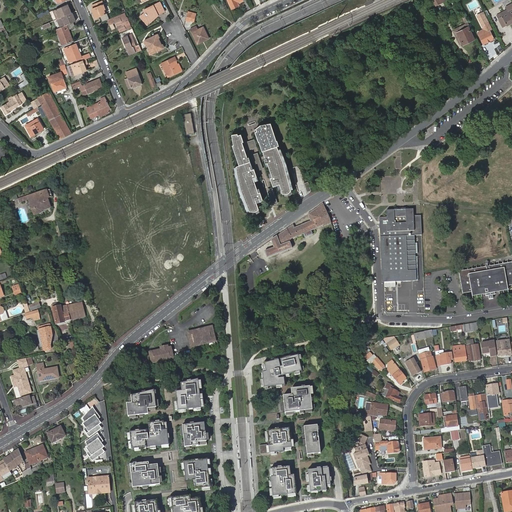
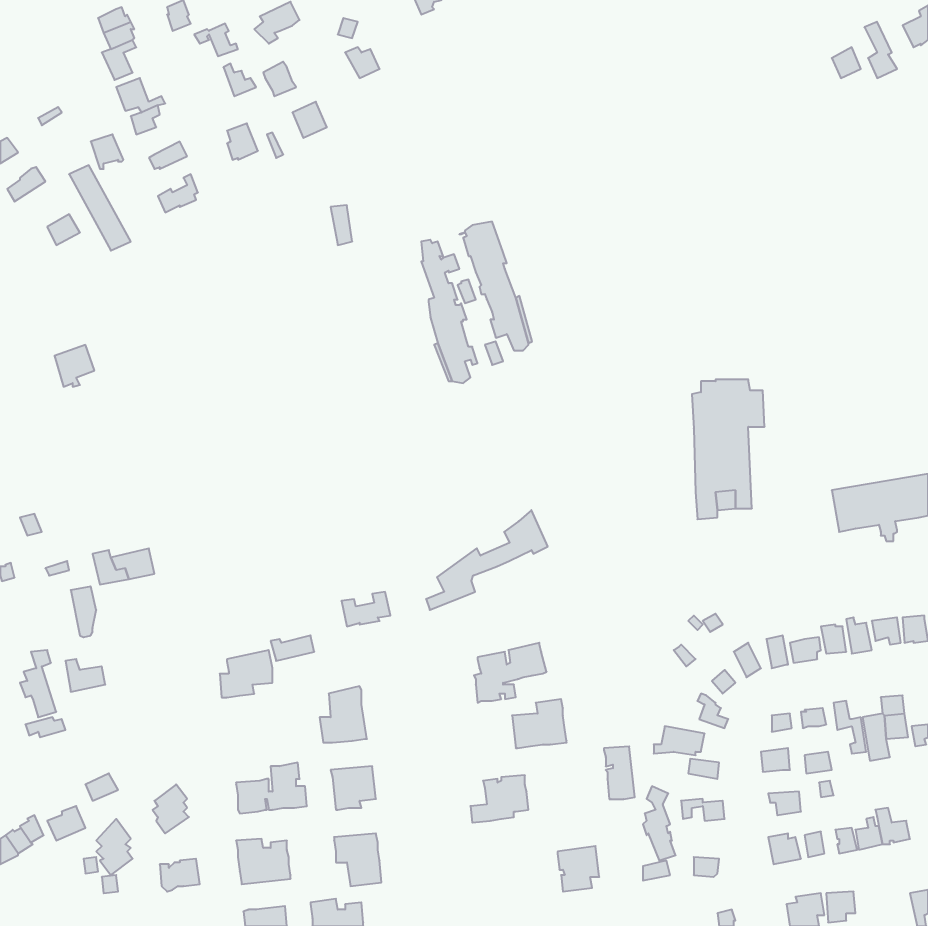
building: [265,202,332,257] -> [426,510,548,610]
building: [127,389,156,415] -> [220,650,272,697]
building: [81,405,101,436] -> [96,819,133,875]
building: [303,424,320,453] -> [604,746,635,799]
building: [270,465,296,495] -> none

